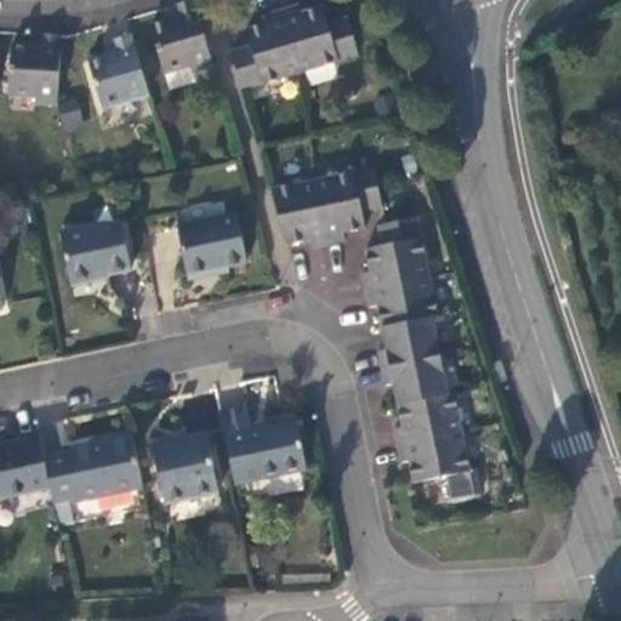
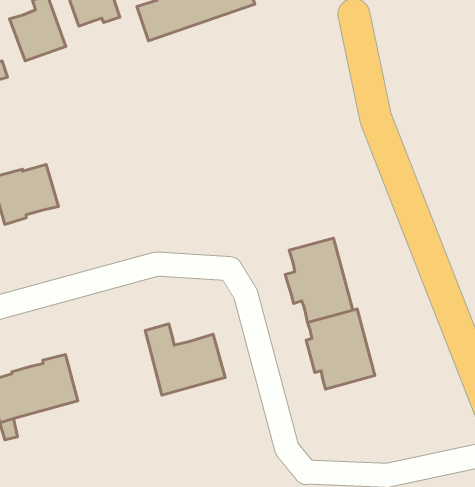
building: [269,164,382,245] -> none
building: [177,216,246,280] -> none
building: [365,223,439,332] -> none
building: [152,433,217,503] -> none

